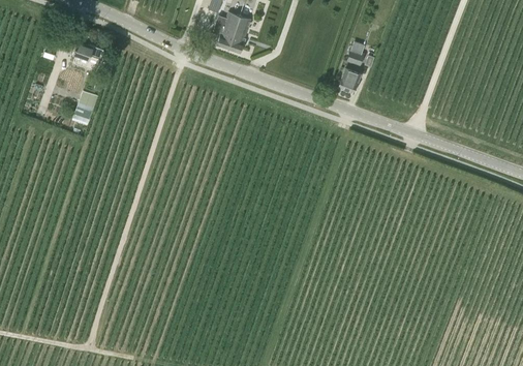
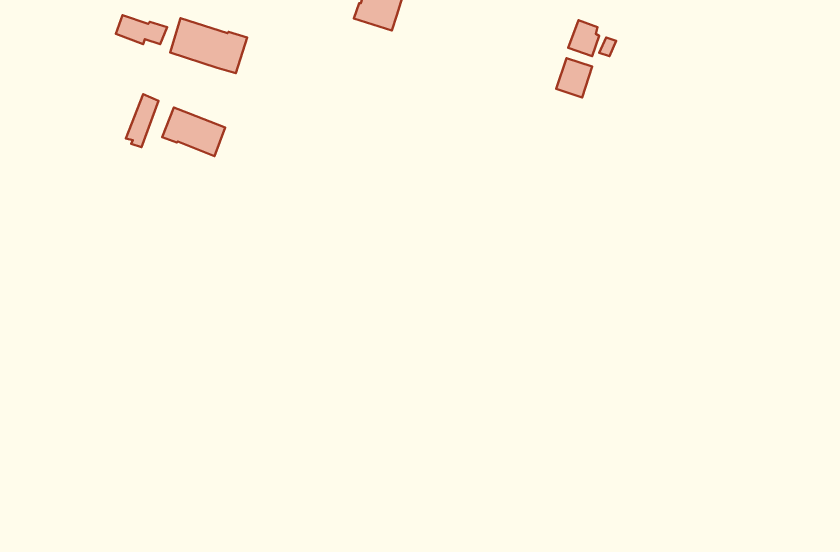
building: none -> [170,18,247,73]
building: none -> [162,108,225,156]

